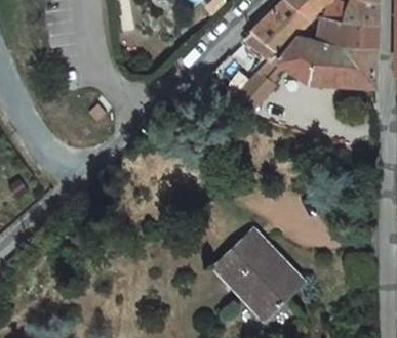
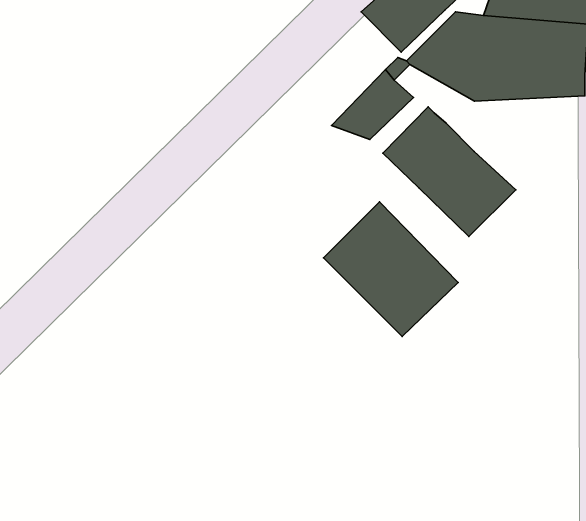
building: none -> [383,107,516,237]
building: [220,233,299,311] -> [323,202,458,337]

